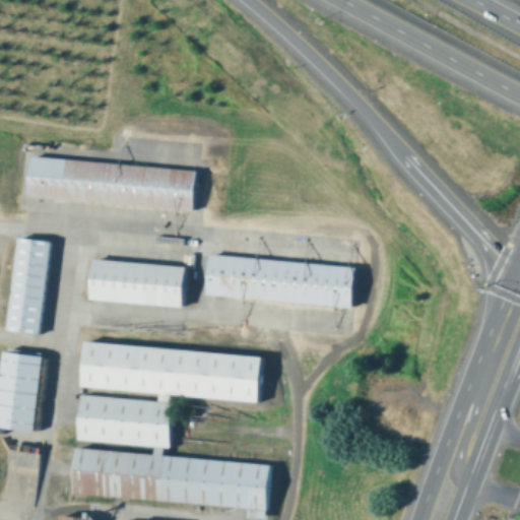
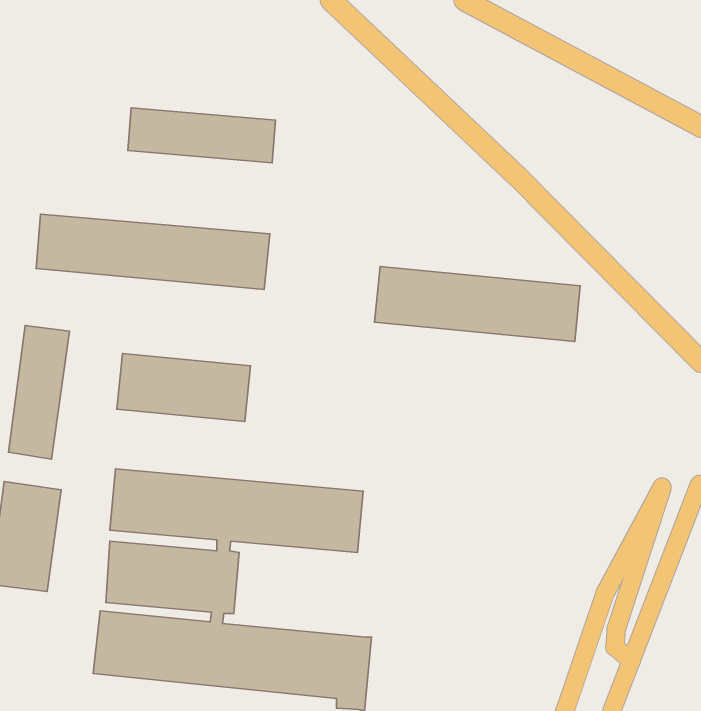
building: none -> [128,108,276,163]
building: [202,253,352,308] -> [374,266,580,342]

